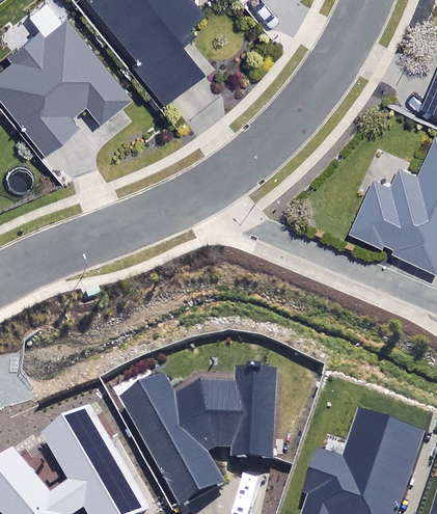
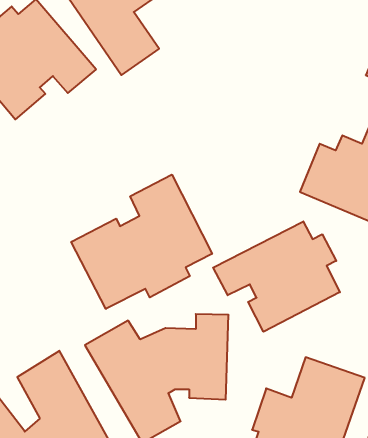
building: none -> [71,175,212,309]
building: none -> [213,221,340,332]

